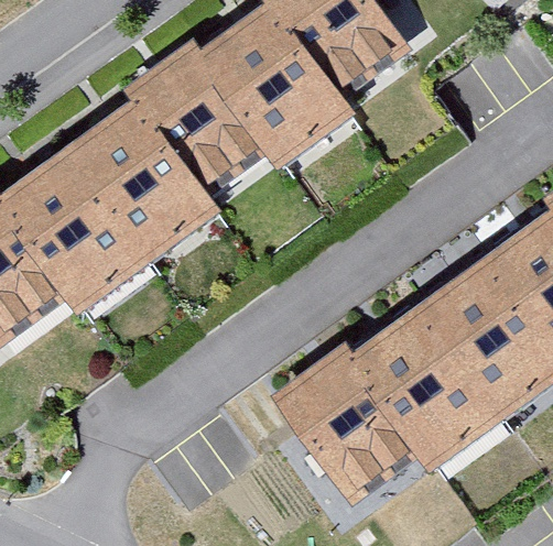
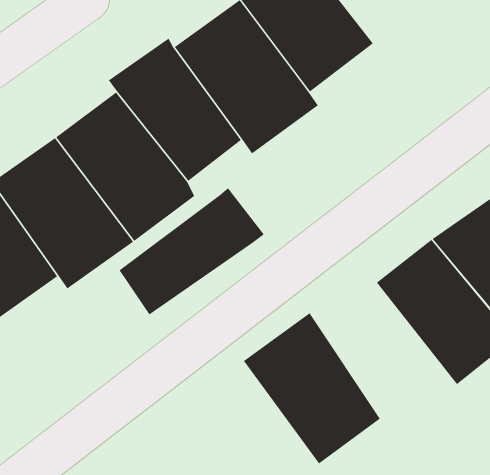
building: none -> [119,187,265,316]
building: [355,308,503,469] -> none

